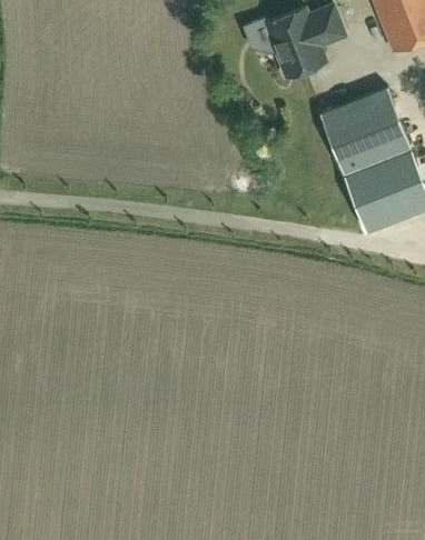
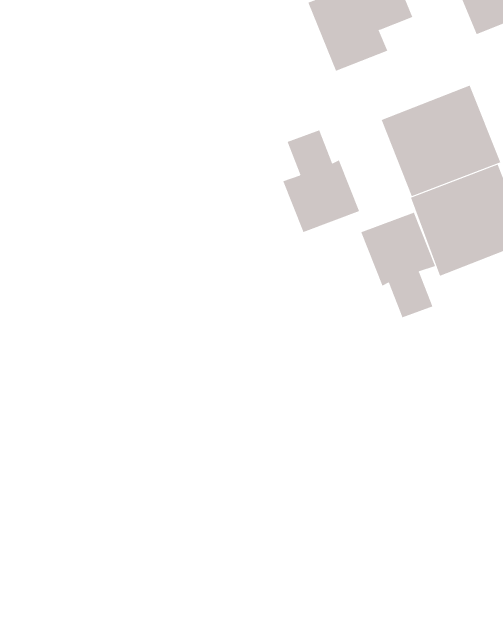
building: none -> [283,130,360,233]
building: none -> [361,212,436,318]

